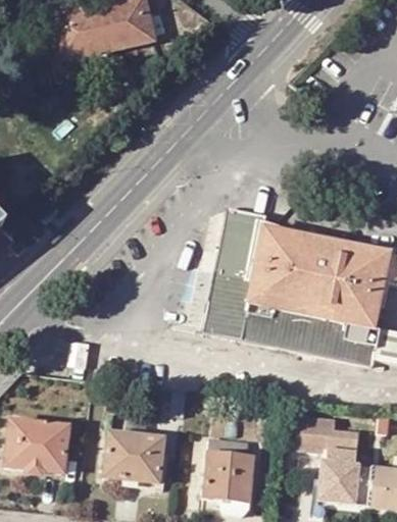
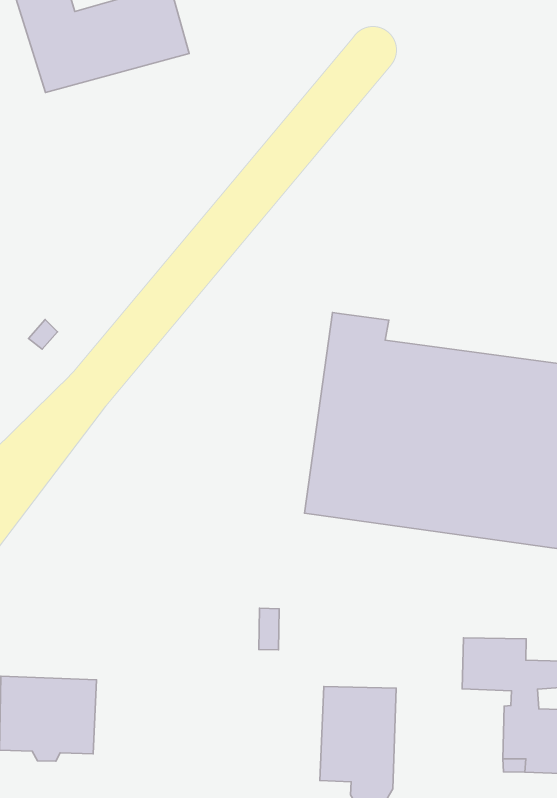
building: [104,431,162,483] -> none

